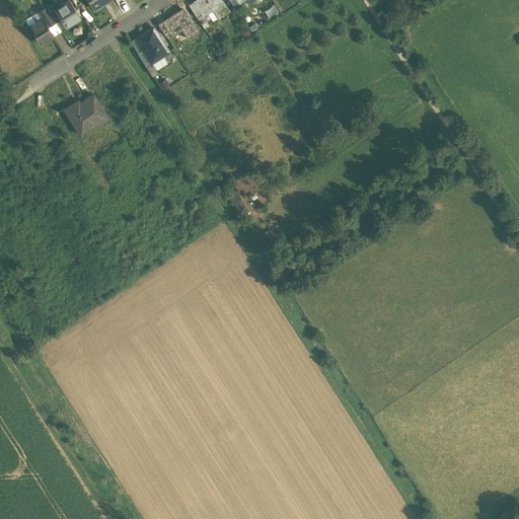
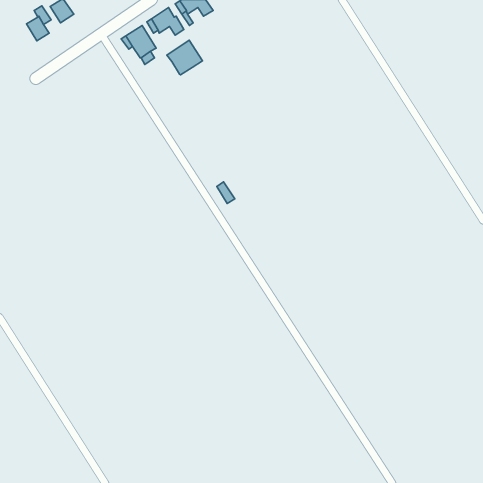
building: none -> [167,40,203,75]
building: [63,93,107,134] -> none

